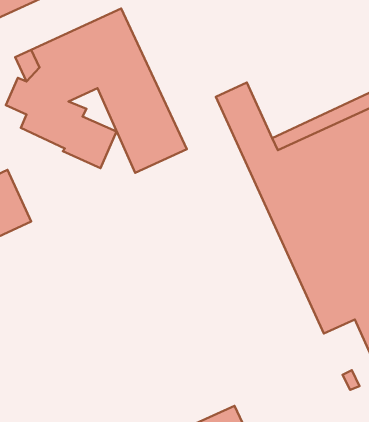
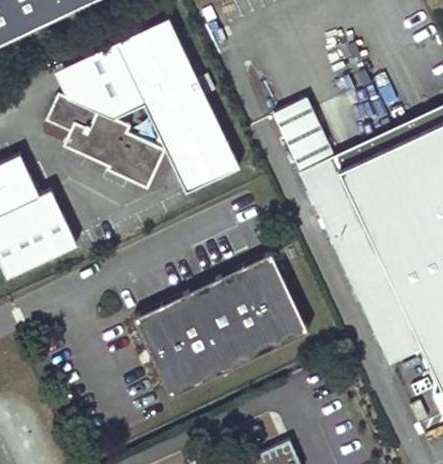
building: none -> [135,252,311,396]

